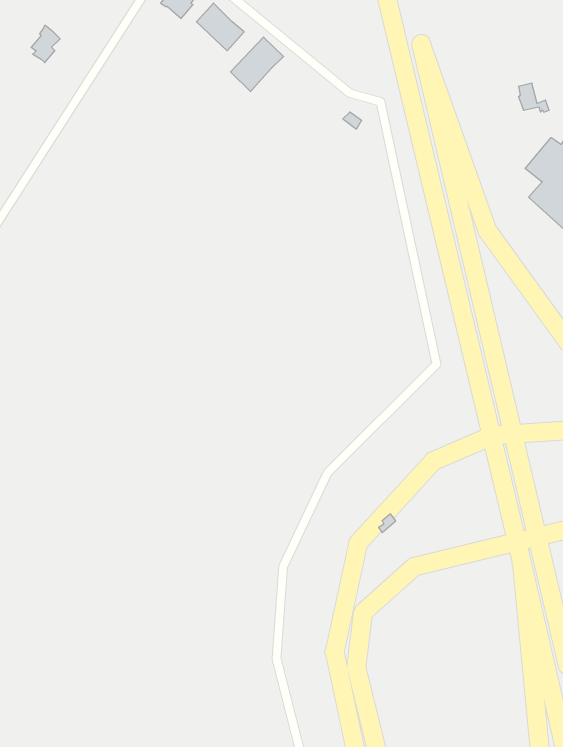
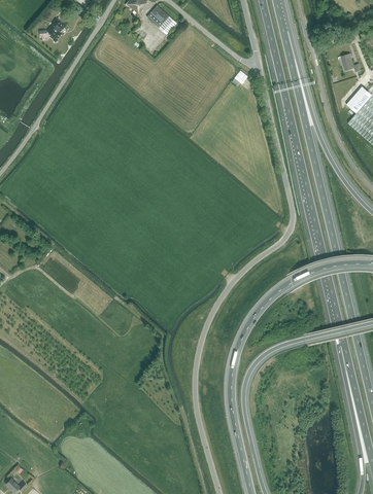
building: [231,37,284,92] -> none

